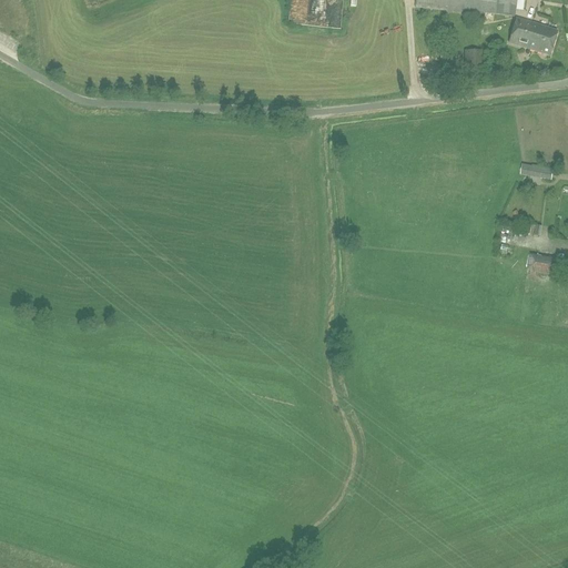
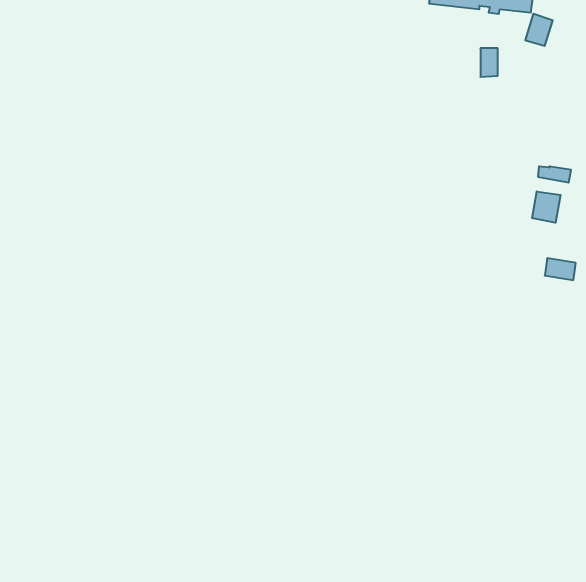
building: [527,20,557,52] -> none
building: none -> [532,191,561,223]

